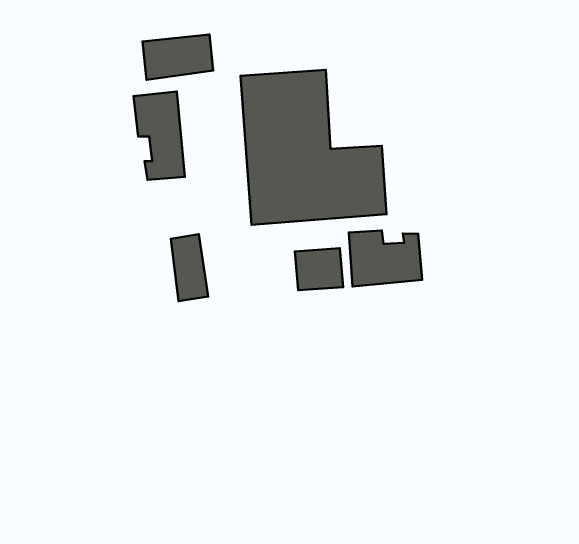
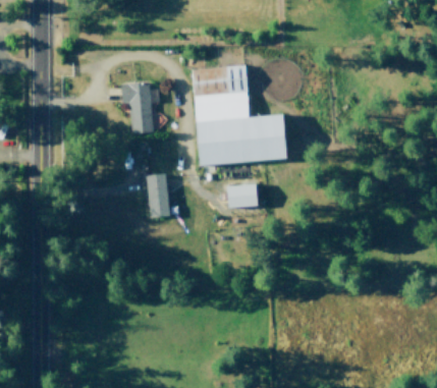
building: [143,34,213,80] -> none
building: [349,231,422,286] -> none

